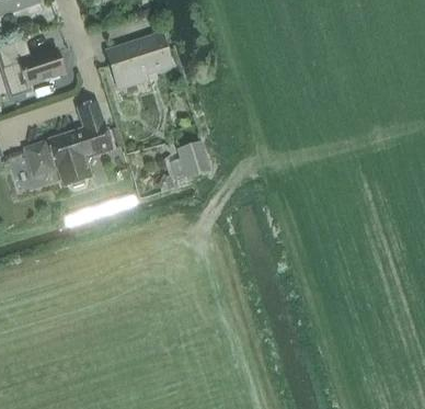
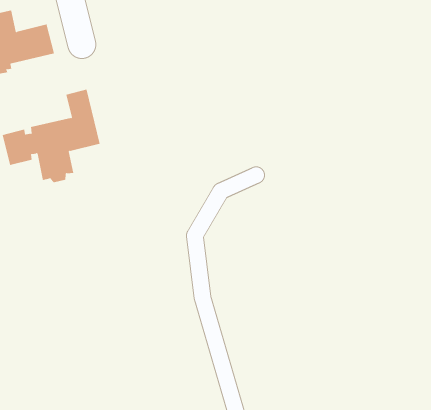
building: [108,36,170,88] -> none
building: [176,141,209,180] -> none

